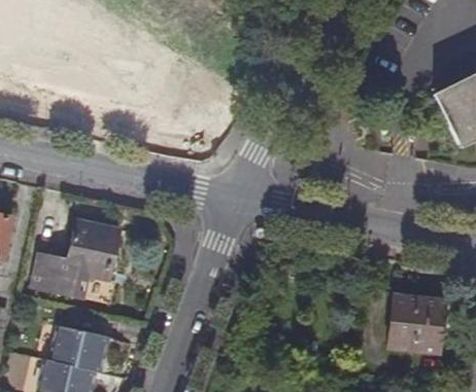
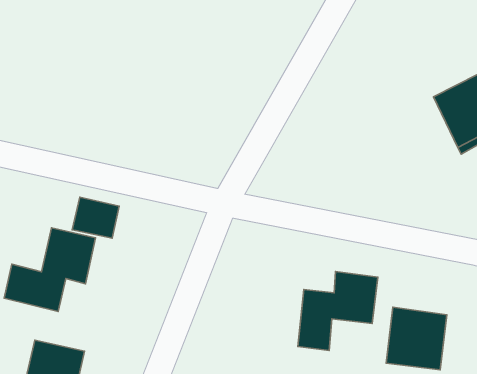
building: none -> [72,197,119,238]
building: none -> [298,272,378,350]

